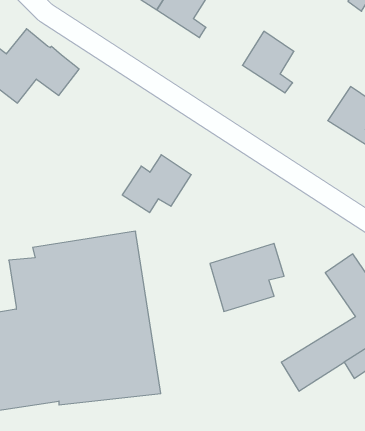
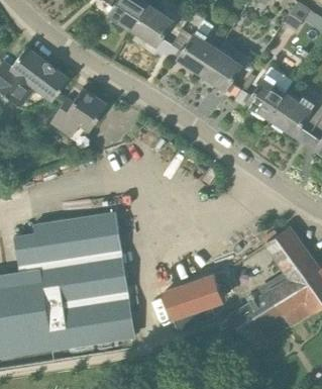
building: none -> [167,34,218,77]
building: none -> [235,79,288,121]
building: [122,155,191,213] -> [51,89,107,135]
building: [210,243,284,311] -> [169,271,228,325]

